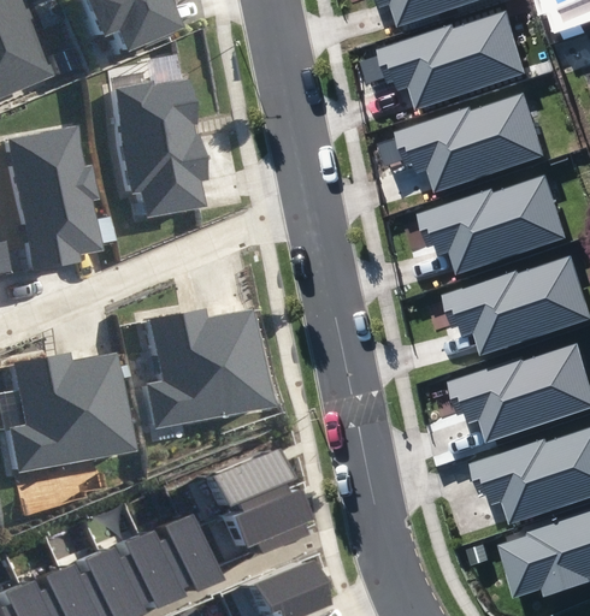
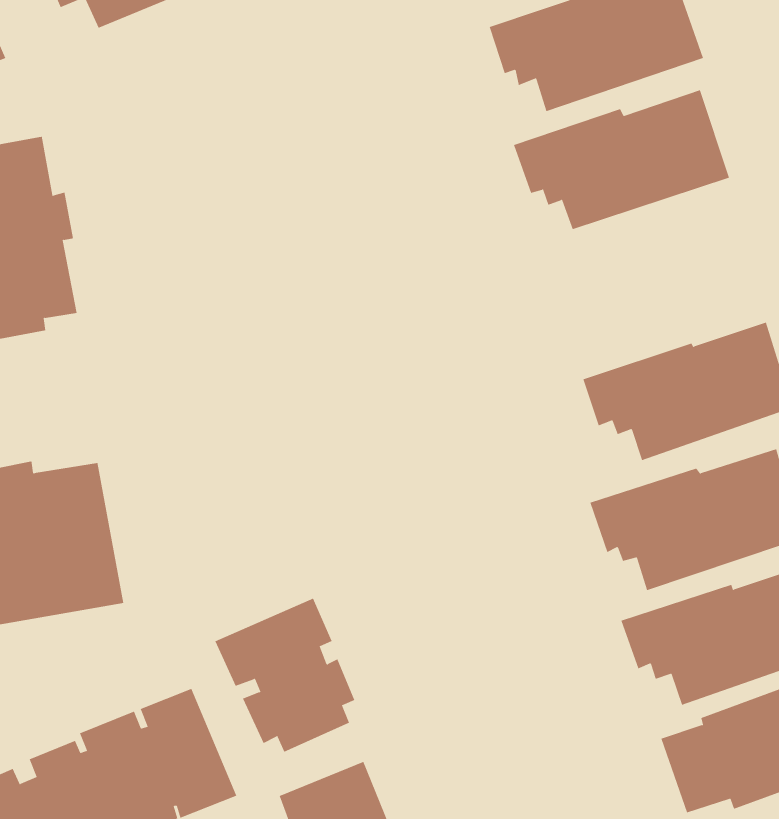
building: [108,78,202,218] -> none
building: [425,176,573,273] -> none
building: [140,308,264,428] -> none

